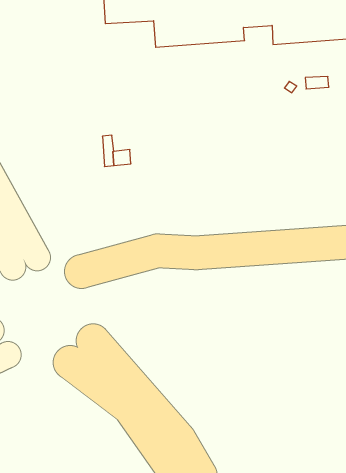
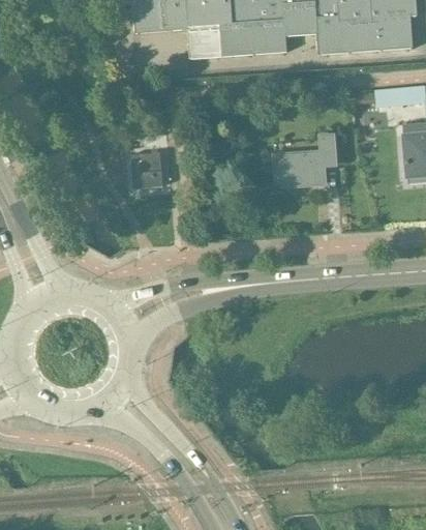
building: none -> [274,135,335,186]

